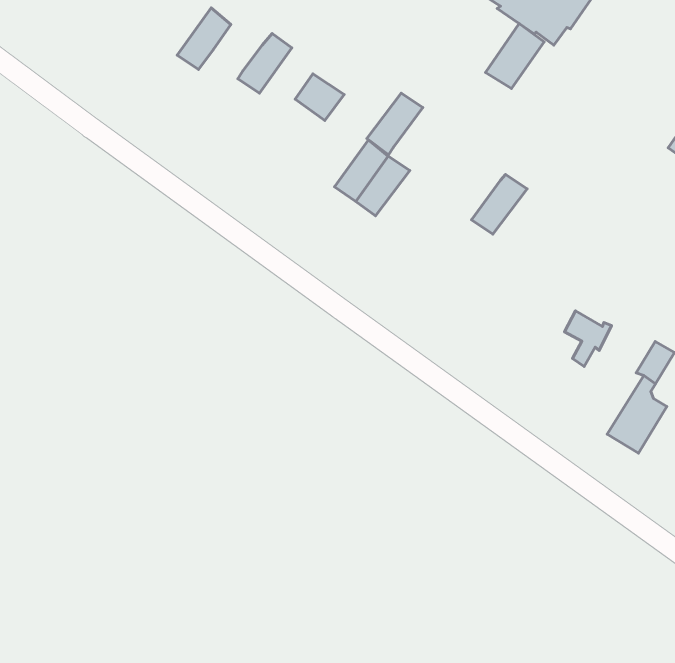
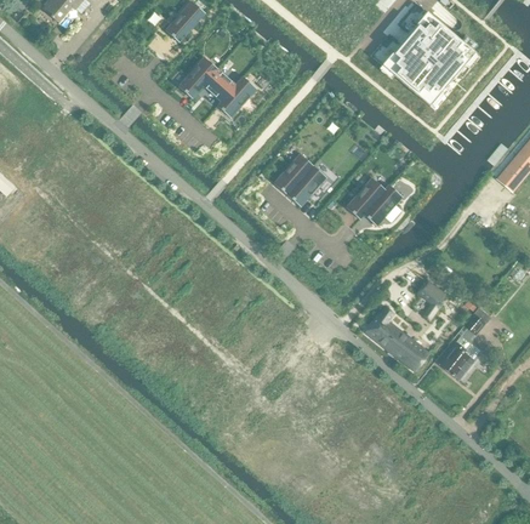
building: [485,24,544,88] -> none
building: [295,74,344,120] -> [203,69,235,101]
building: [367,93,423,155] -> [346,178,384,218]
building: none -> [364,307,428,371]

